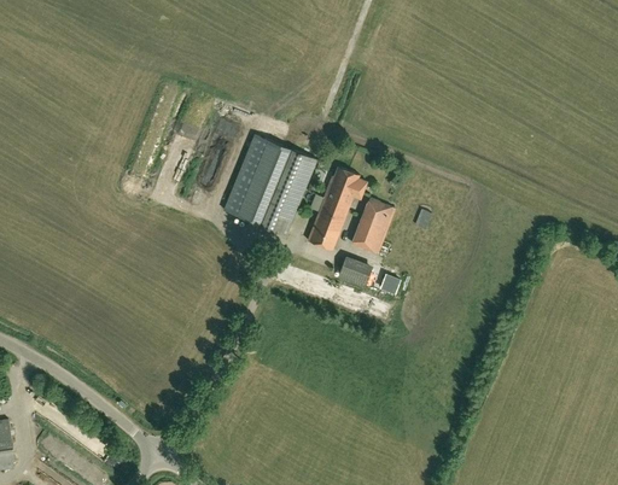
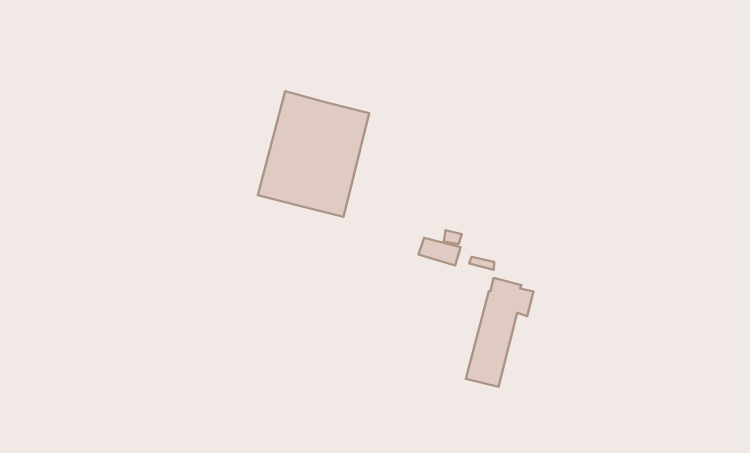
building: [307,168,367,251] -> [466,278,533,387]
building: [351,199,395,253] -> none

